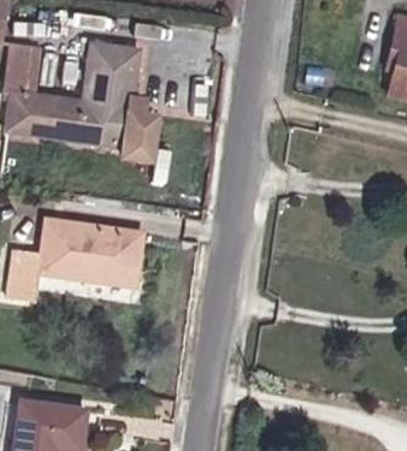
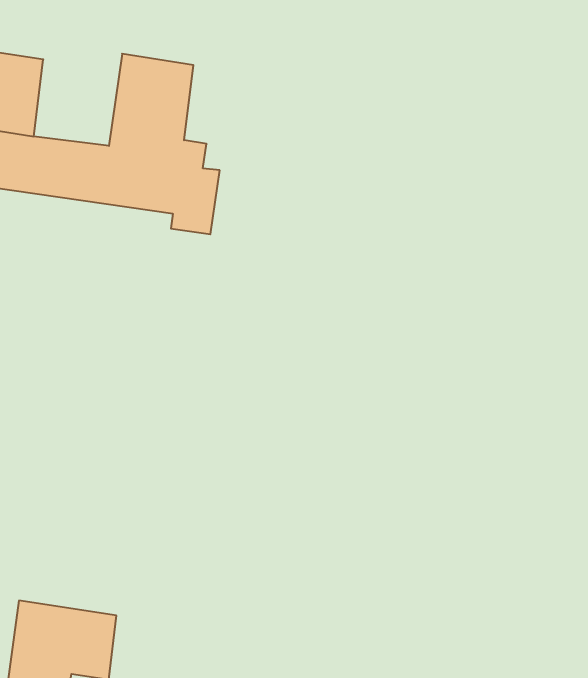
building: [17,215,141,299] -> none

